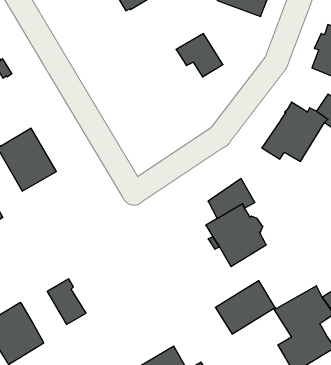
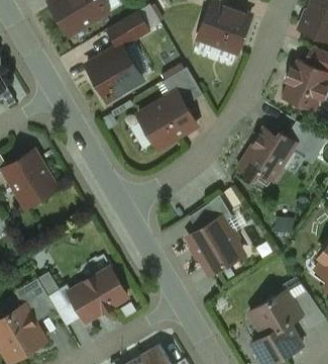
building: none -> [87,46,141,100]
building: none -> [137,93,196,149]
building: none -> [69,269,126,322]
building: none -> [14,279,56,324]
building: [215,281,276,334] -> none

